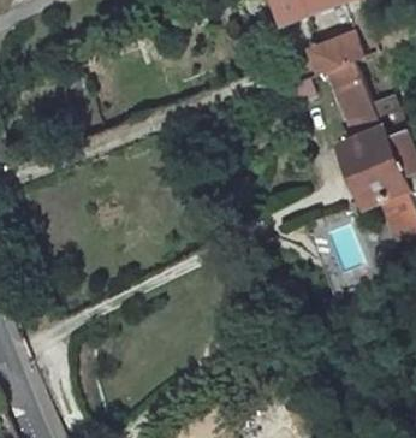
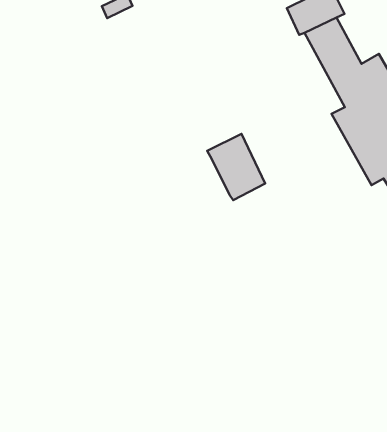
building: none -> [207,134,265,200]

